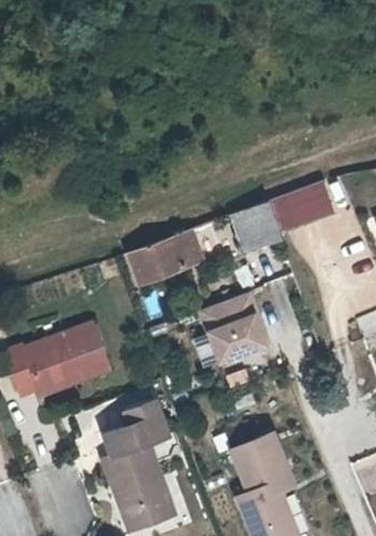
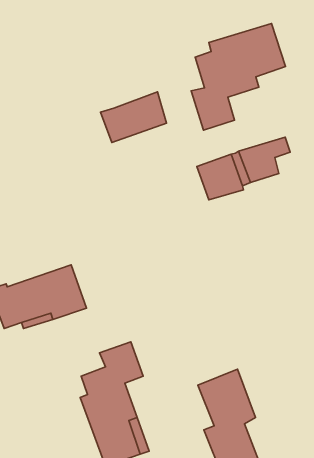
building: none -> [191,24,285,130]
building: [128,228,199,283] -> [101,92,166,142]
building: [197,292,262,362] -> none

